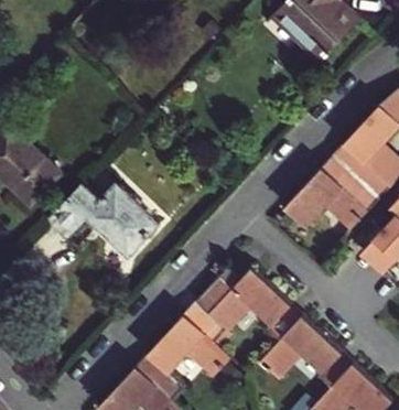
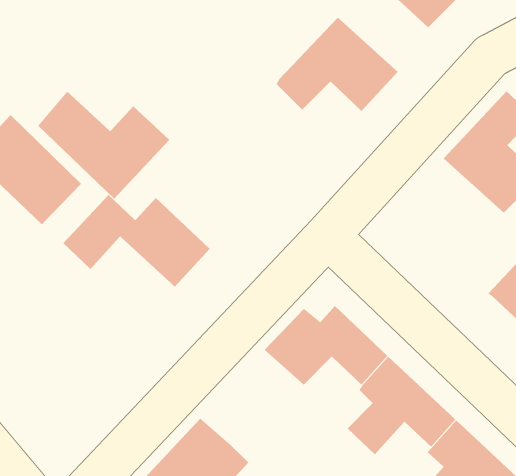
building: none -> [37,91,170,200]
building: [284,158,376,228] -> [276,17,399,112]
building: [150,300,231,374] -> none

